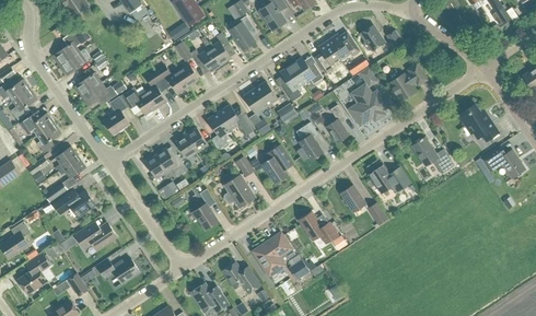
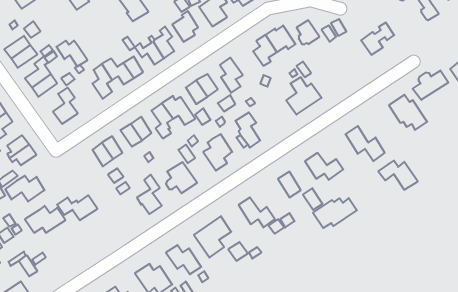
building: [291,56,324,84] -> none
building: [392,66,427,100] -> [361,23,394,55]
building: none -> [413,70,448,100]
building: [124,87,156,115] -> [56,41,87,66]
building: [326,105,349,143] -> none
building: [485,148,526,178] -> [378,161,418,190]
building: none -> [313,198,357,228]
building: [97,257,140,283] -> [57,195,97,220]

